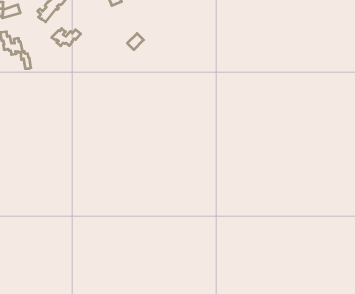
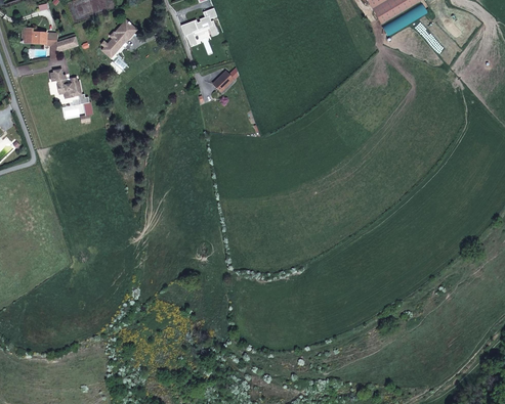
building: [52,28,81,46] -> none

